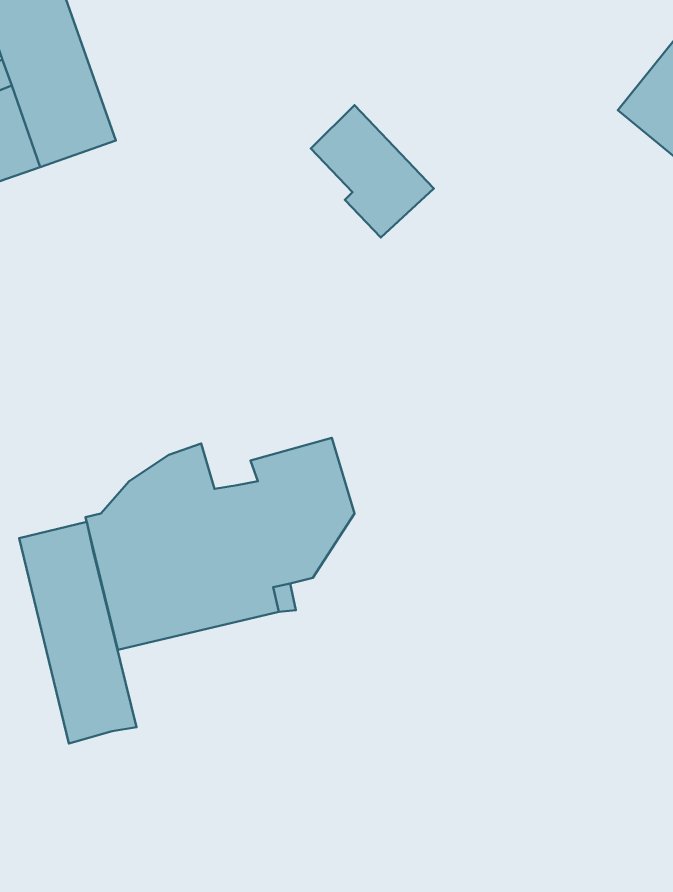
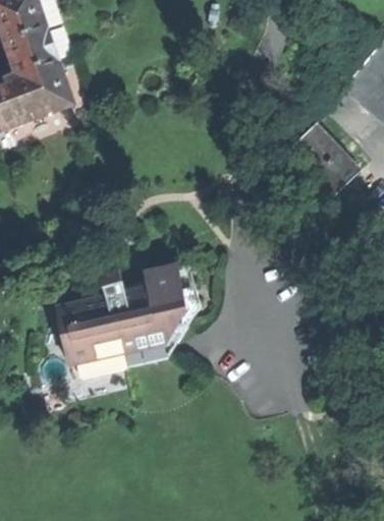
building: [311,105,434,238] -> [290,125,356,196]
building: [19,522,137,743] -> none

